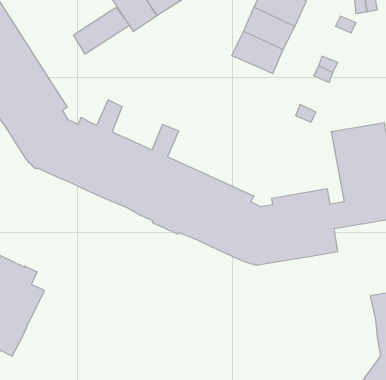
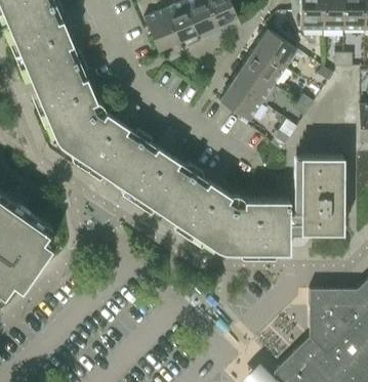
building: [74,7,129,54] -> none
building: none -> [219,85,261,123]

